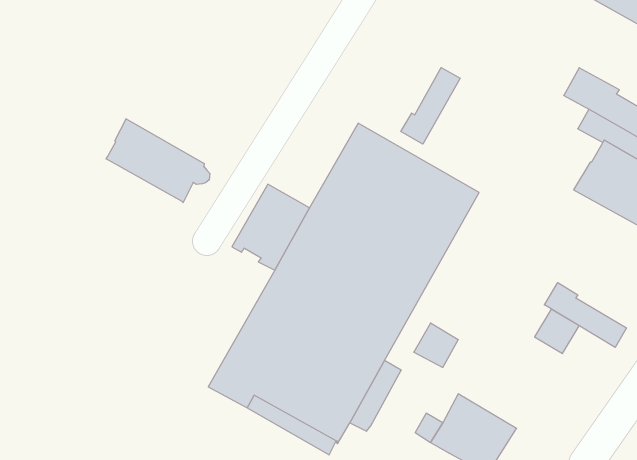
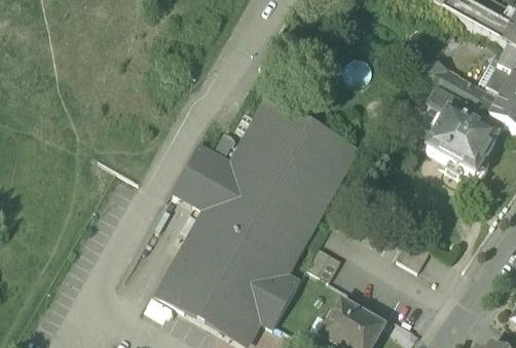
building: [401,68,460,144] -> none
building: [106,119,210,203] -> none
building: [544,283,627,347] -> none

